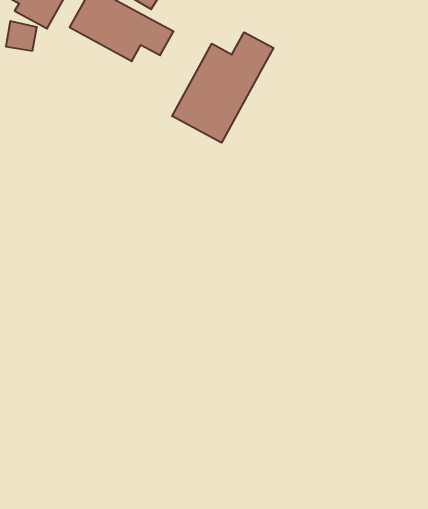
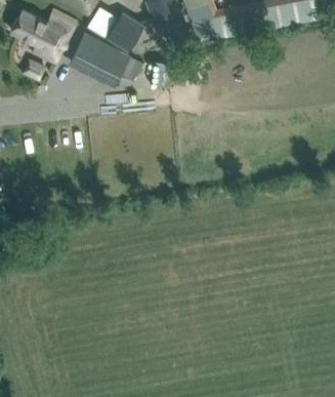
building: [172,32,274,143] -> none

